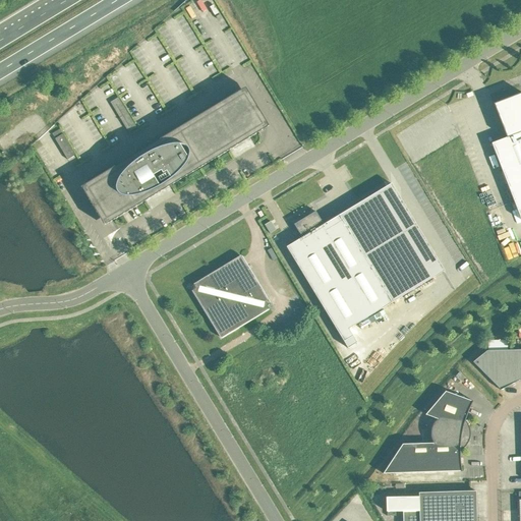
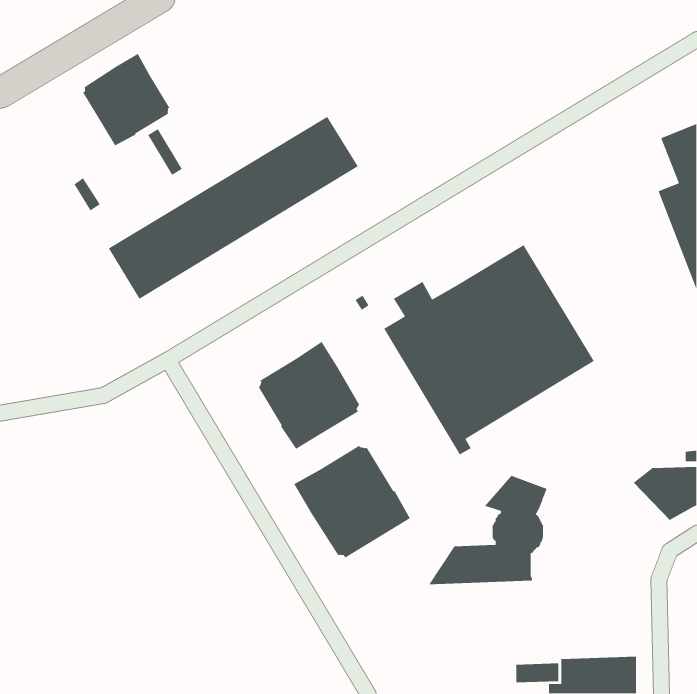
building: none -> [82,53,171,147]
building: none -> [293,445,411,559]
building: [383,390,472,472] -> [428,475,548,585]

